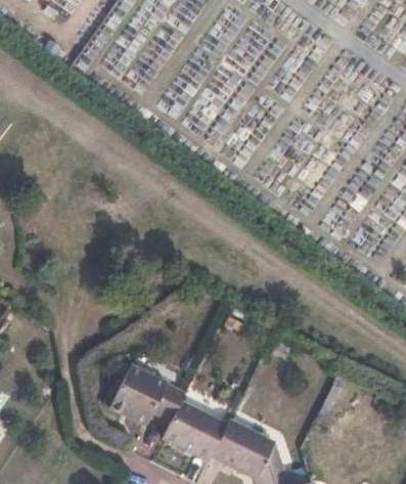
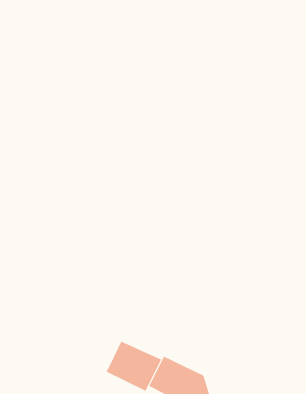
building: [107,367,185,427] -> none

